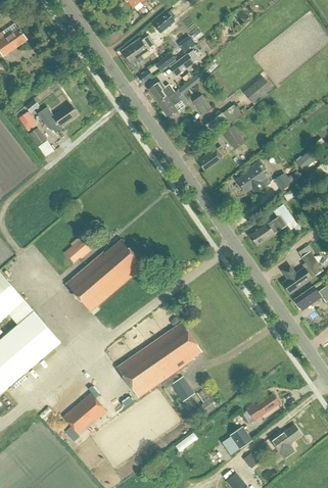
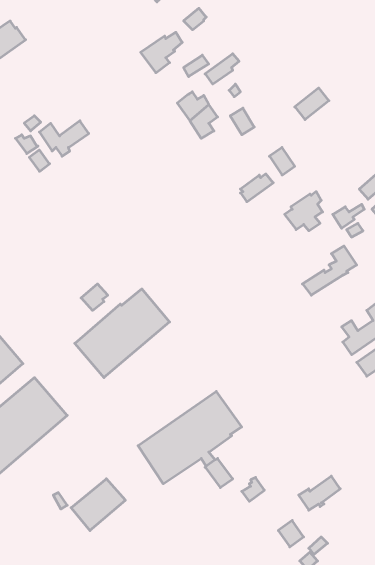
building: [270,425,300,457] -> none

